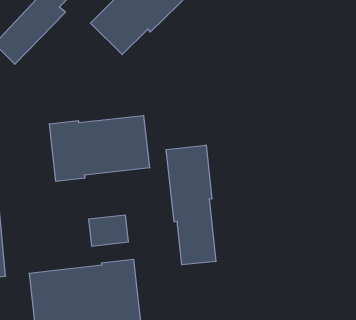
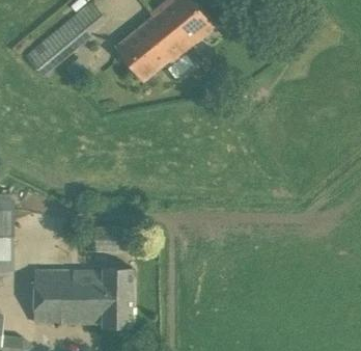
building: [49,115,149,181] -> none
building: [166,145,216,265] -> none

